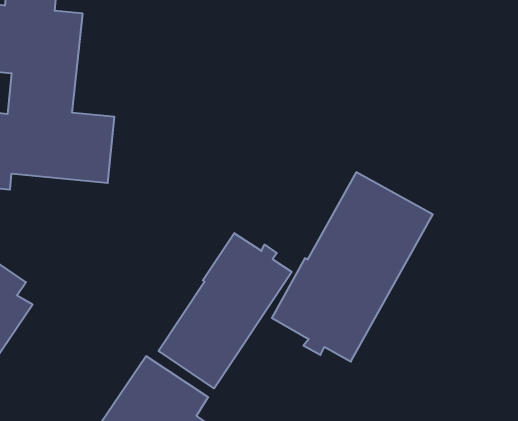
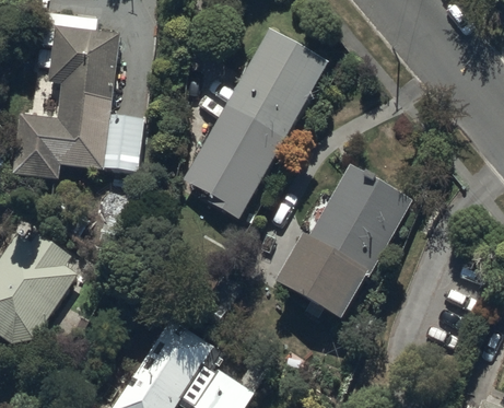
building: none -> [184,31,327,220]
building: [159,233,292,388] -> none

